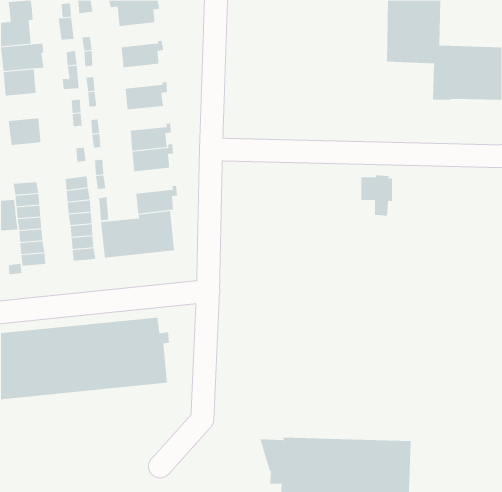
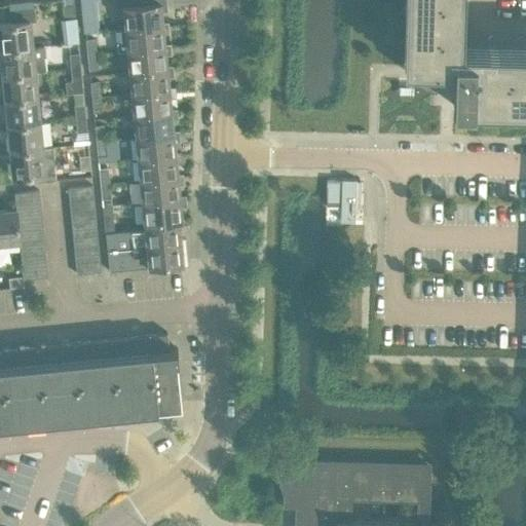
building: none -> [116,31,170,62]
building: none -> [128,74,174,103]
building: none -> [5,108,41,137]
building: none -> [133,117,178,147]
building: none -> [11,156,55,193]
building: none -> [140,182,184,213]
building: [360,175,393,216] -> [325,187,359,230]

